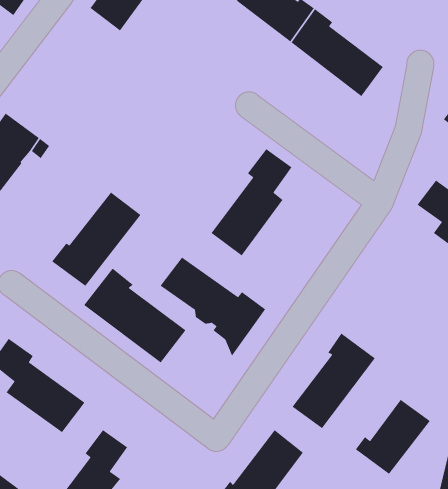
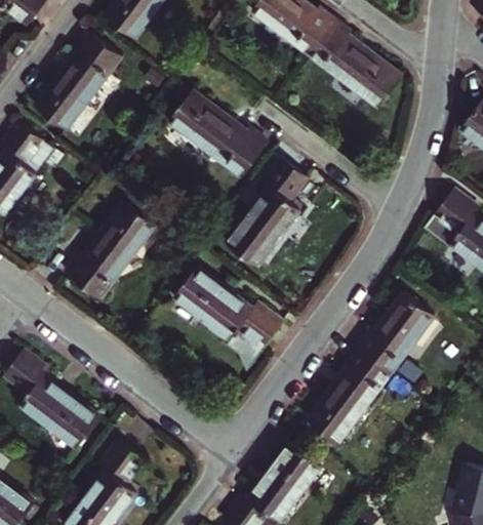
building: none -> [36,31,122,132]
building: none -> [169,91,269,176]
building: [83,267,187,363] -> none
building: [355,399,431,475] -> [359,293,436,370]

